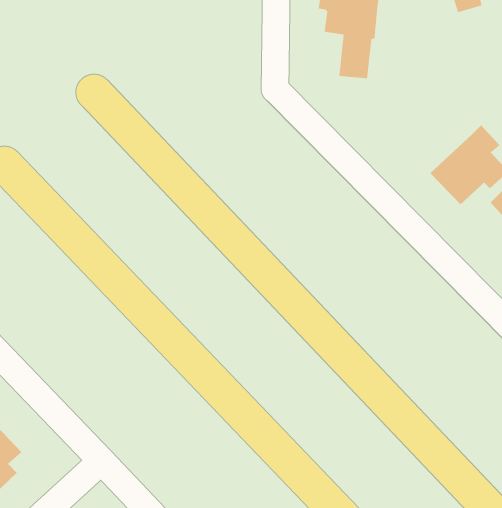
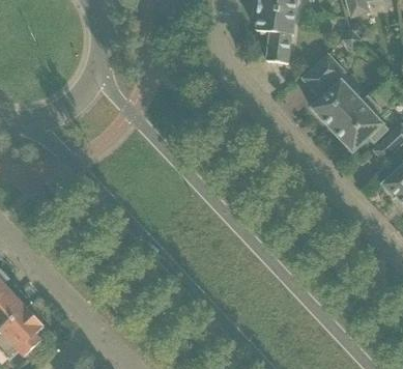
building: none -> [301,52,361,129]

